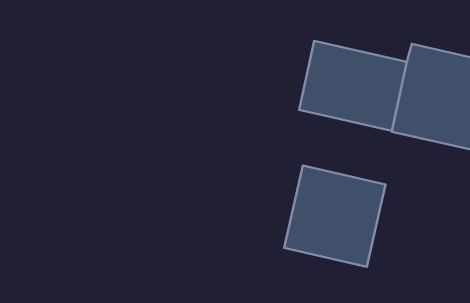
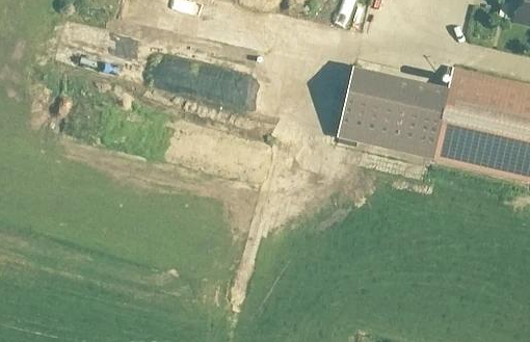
building: [284,165,385,267] -> none

